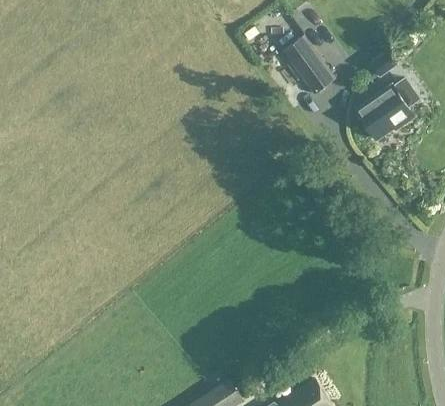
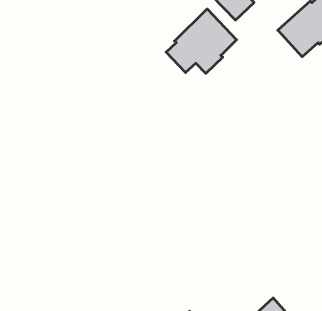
building: none -> [166,9,237,73]

